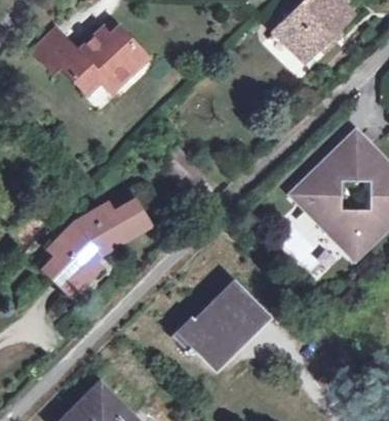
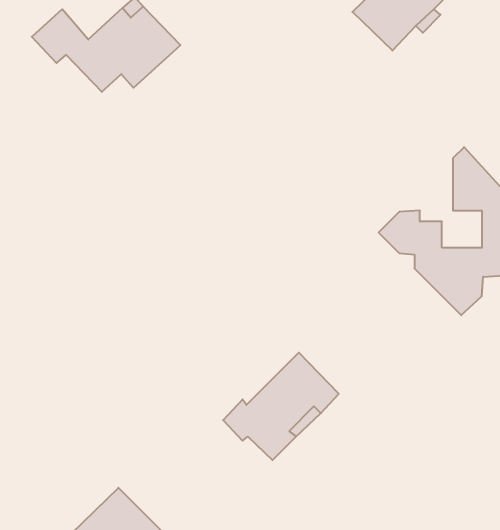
building: [308,139,348,186] -> none
building: [44,202,147,294] -> none

